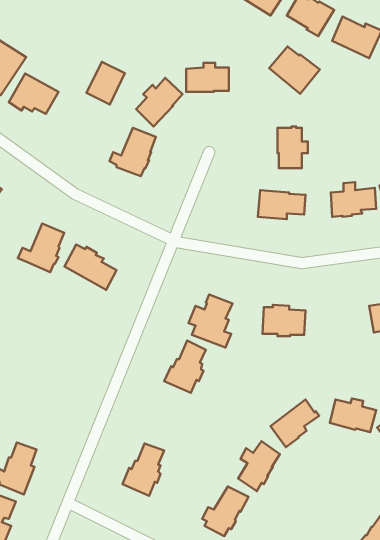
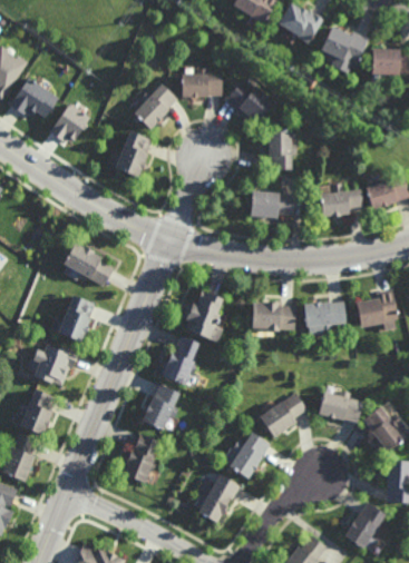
building: [269,46,320,94] -> [225,78,274,124]
building: [87,62,125,105] -> [51,103,88,145]
building: [18,223,64,272] -> [50,295,95,342]
building: none -> [304,302,347,330]
building: none -> [27,344,78,385]
building: none -> [143,384,181,431]
building: none -> [11,388,56,436]

